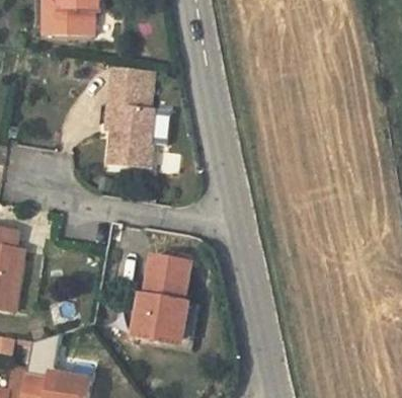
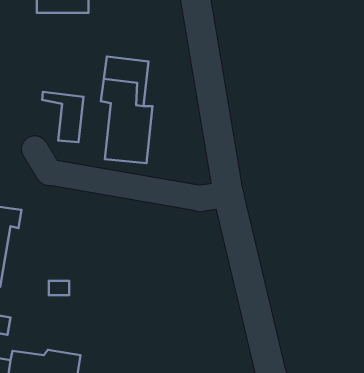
building: none -> [42,92,83,142]
building: [139,259,188,338] -> none

